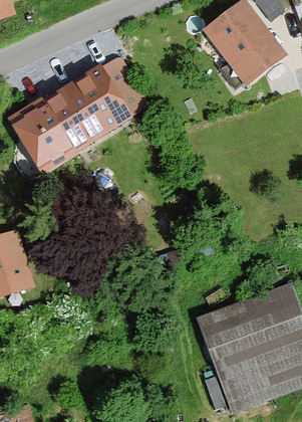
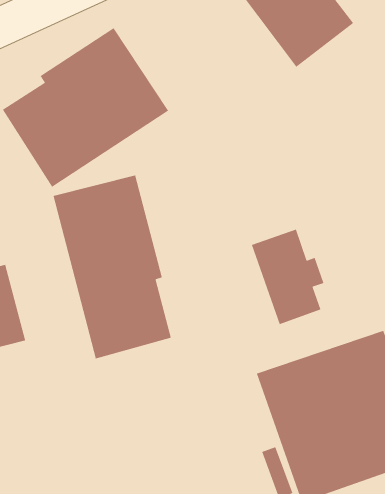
building: none -> [52,174,172,359]
building: none -> [251,228,324,325]

